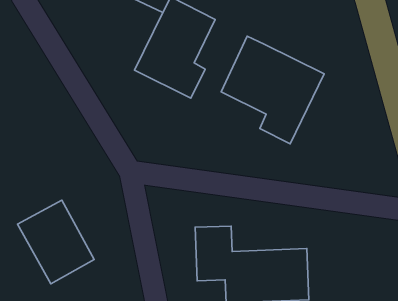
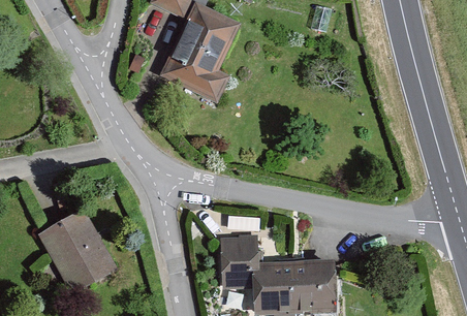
building: [221,36,324,144] -> none

